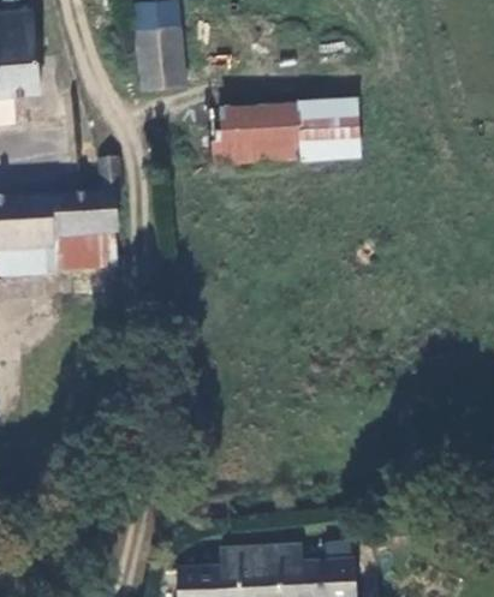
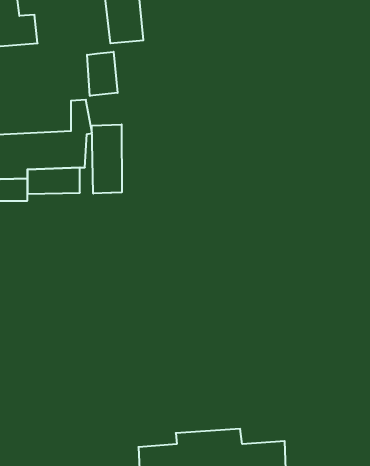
building: none -> [87,52,118,96]
building: [207,100,356,163] -> none
building: none -> [92,124,122,194]

